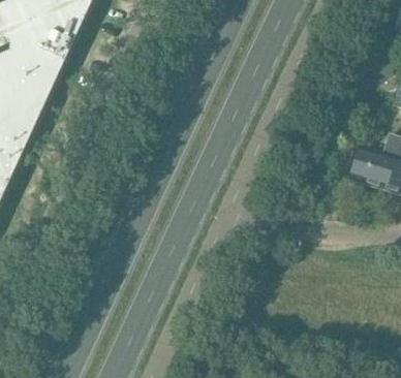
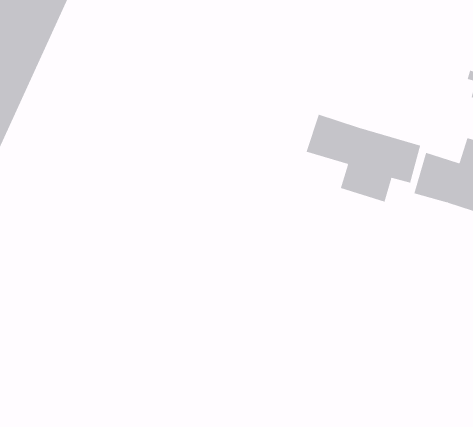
building: none -> [306,114,421,203]

